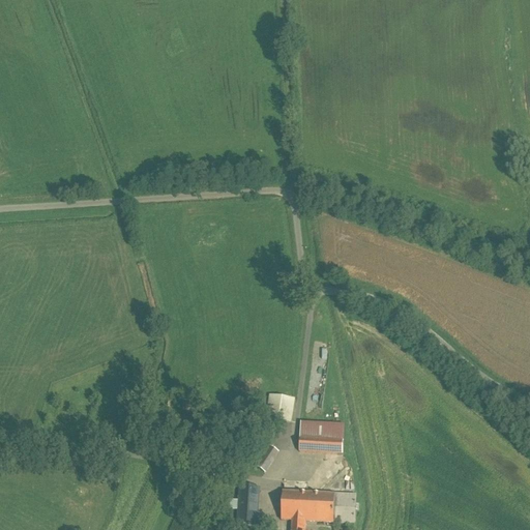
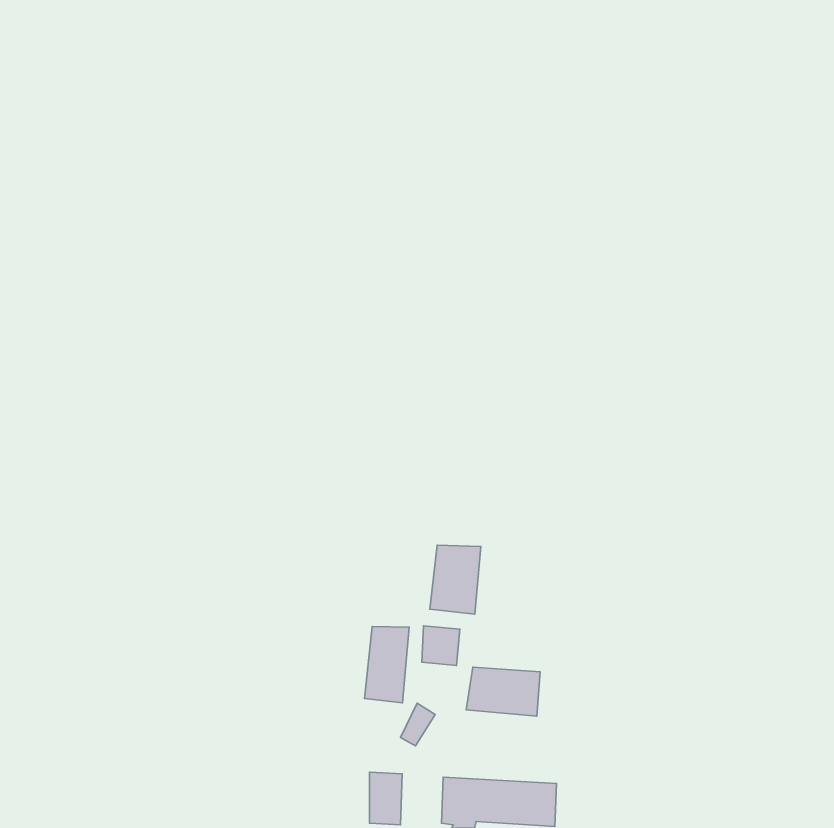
building: none -> [430,545,481,614]
building: none -> [365,627,409,703]

